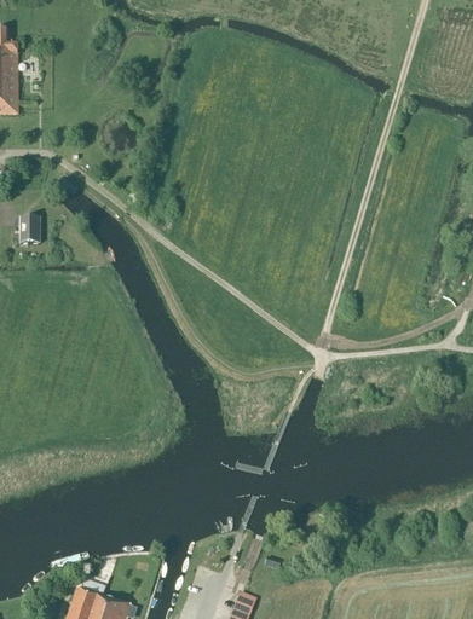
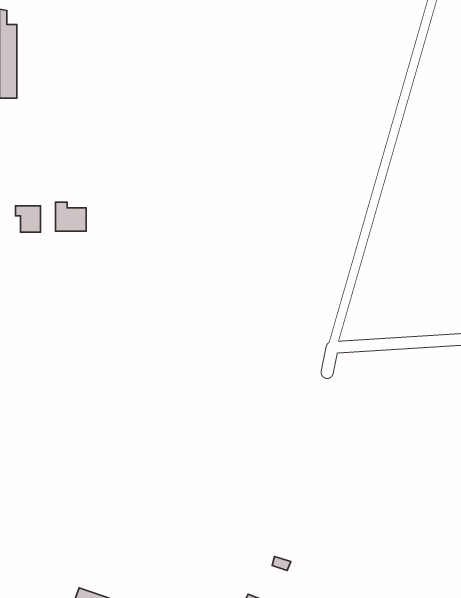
building: none -> [56,202,86,231]

